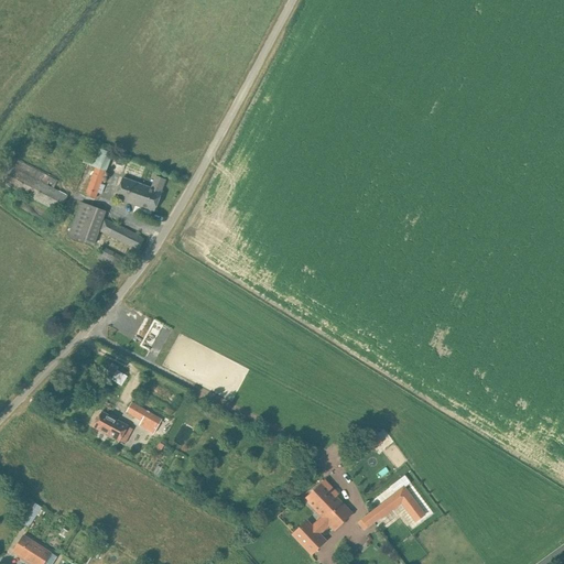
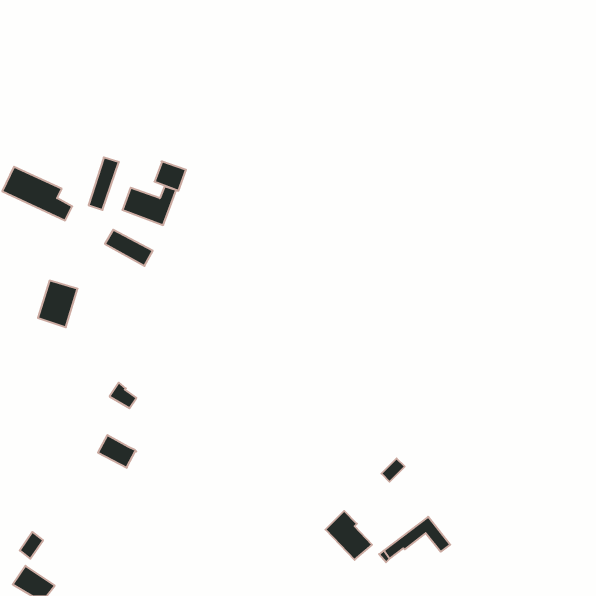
building: none -> [154,161,186,191]
building: [68,202,106,246] -> [38,281,78,327]
building: [127,402,163,434] -> none
building: [294,522,325,554] -> none

